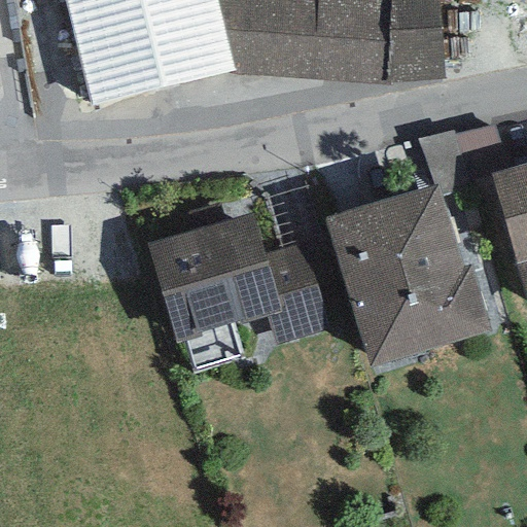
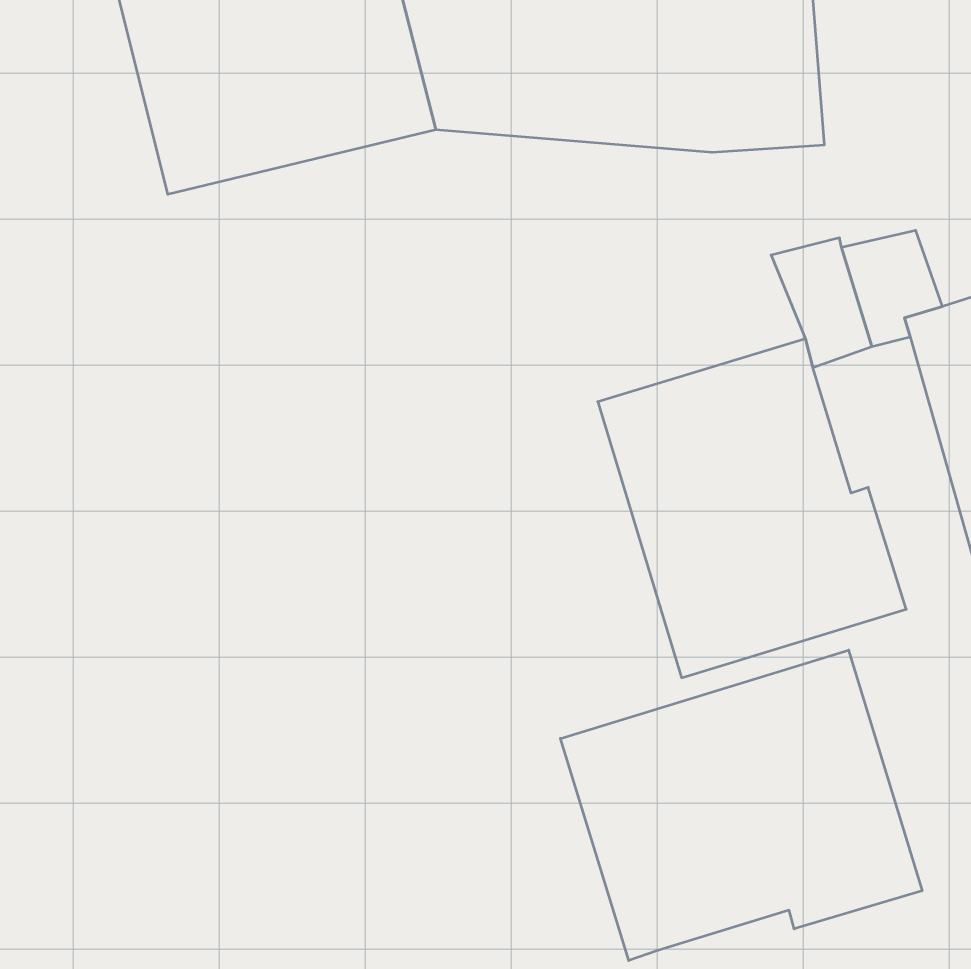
building: [147,211,342,345] -> none
building: none -> [560,650,922,961]

